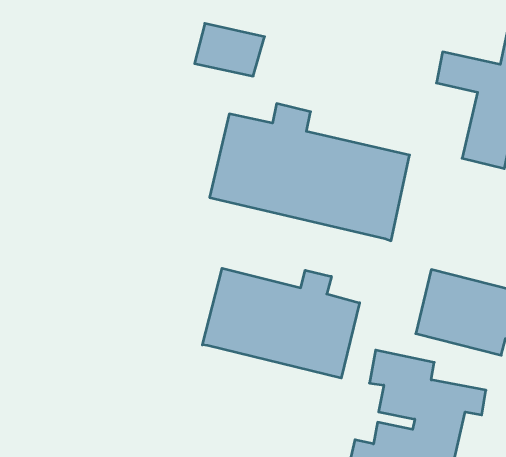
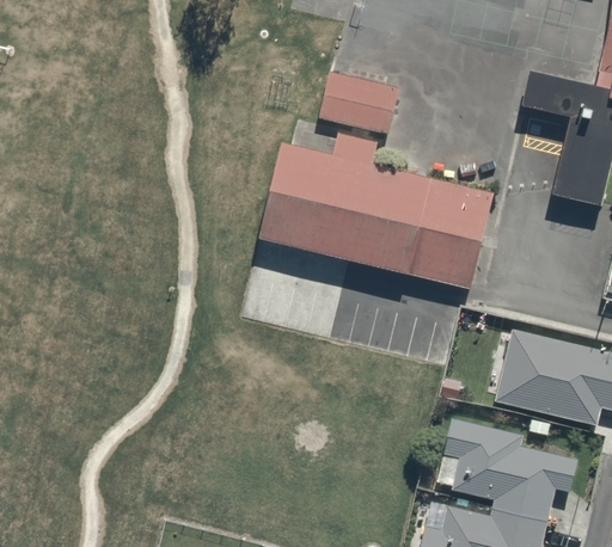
building: [195,23,265,76] -> [318,72,399,133]
building: [202,268,360,378] -> none

